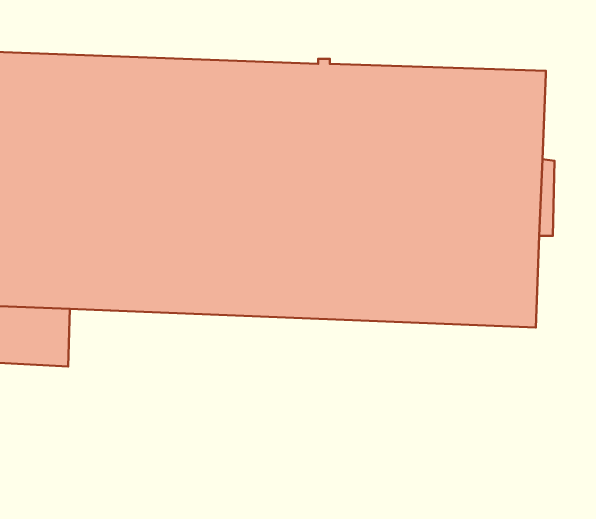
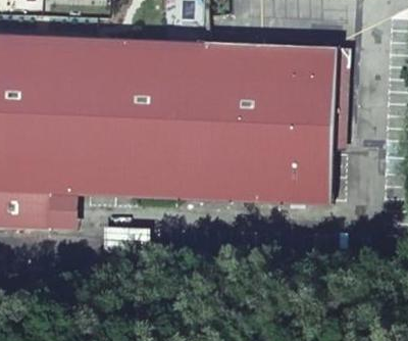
building: none -> [49,192,74,228]

